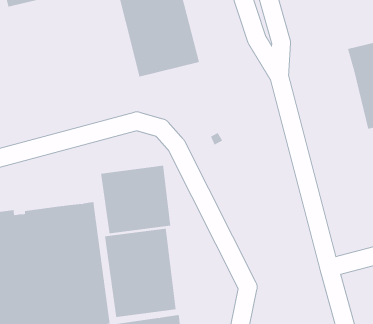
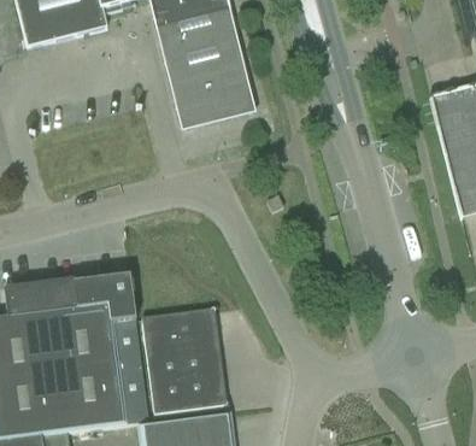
building: [101,165,171,234] -> none

